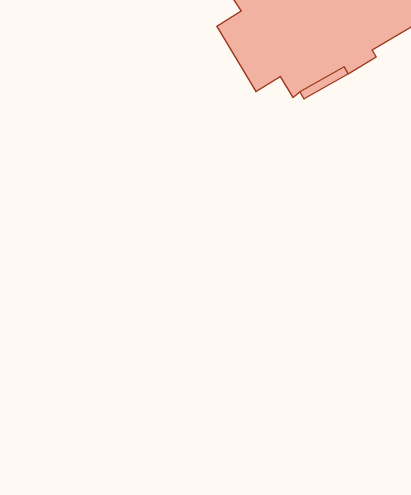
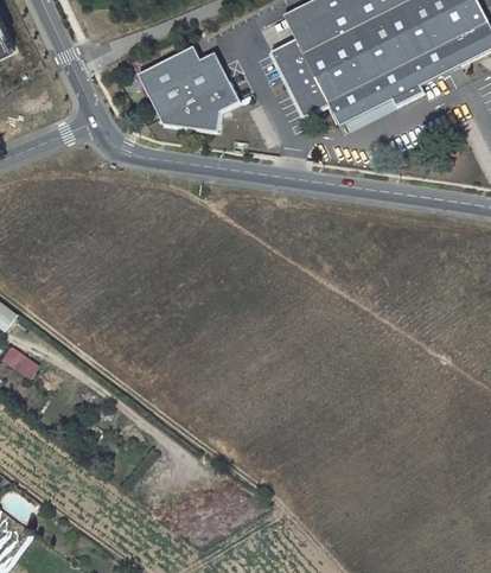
building: none -> [133,44,234,130]

